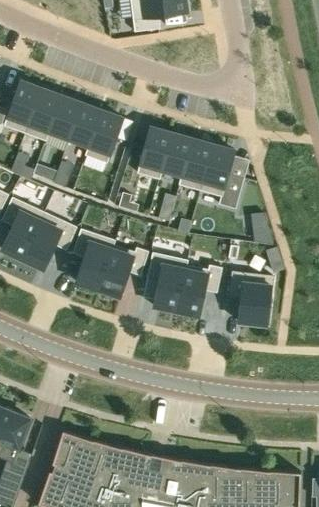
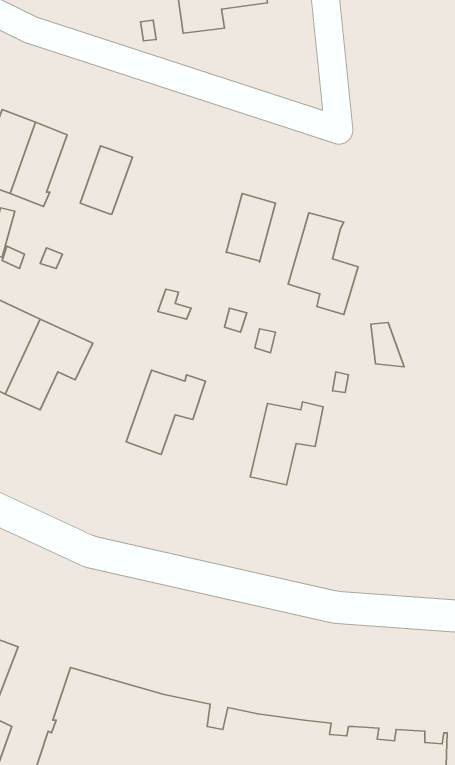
building: [48,96,82,139] -> none
building: [85,110,123,163] -> none
building: [137,127,171,179] -> none
building: [178,139,213,191] -> none
building: [72,228,115,289] -> none
building: [147,252,188,311] -> none
building: [230,270,273,325] -> none

